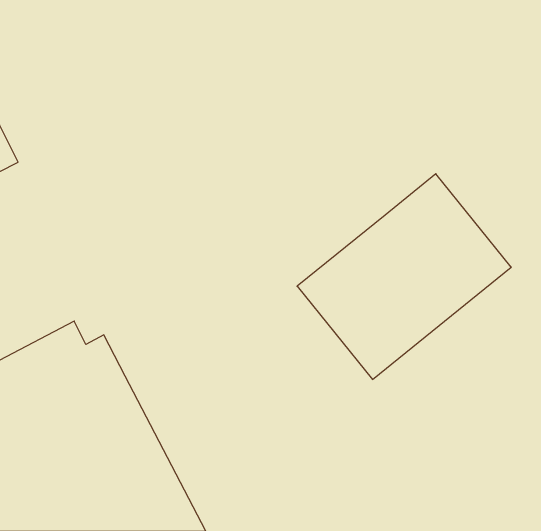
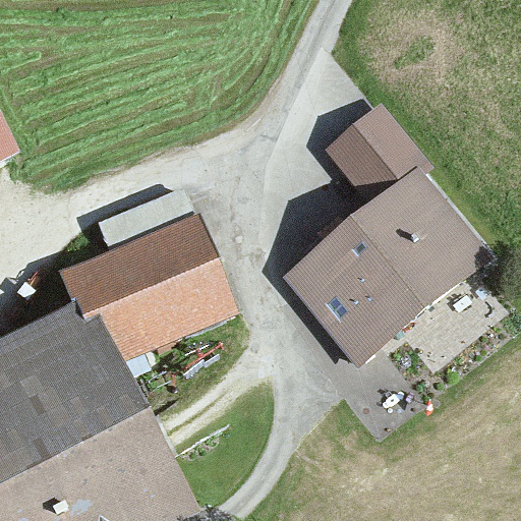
building: none -> [322,99,429,207]
building: none -> [58,214,238,361]

